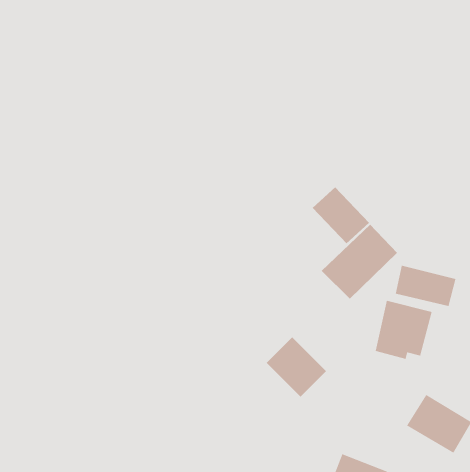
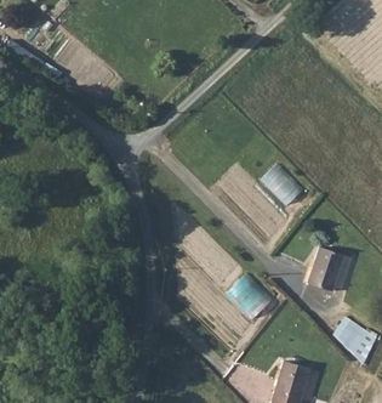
building: [321,224,398,299] -> none
building: [395,265,456,307] -> none

